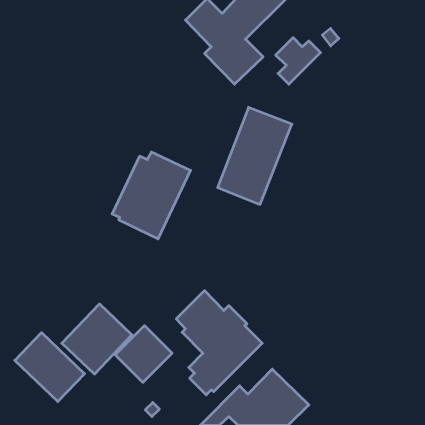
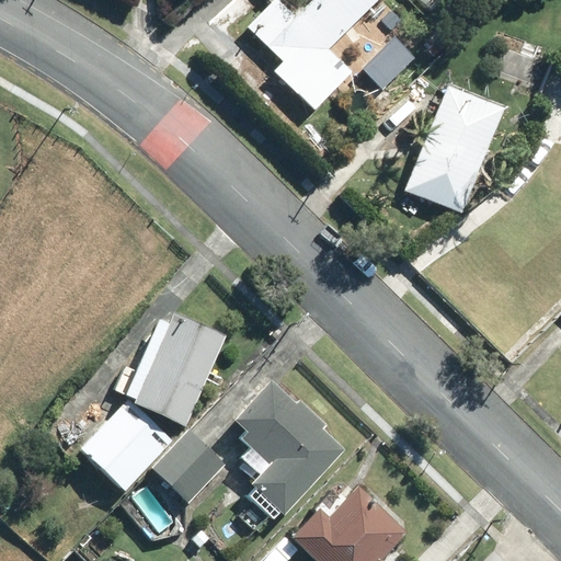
building: [218,107,292,204] -> [405,88,503,215]
building: [112,152,191,239] -> [126,310,229,424]
building: [15,333,85,402] -> none

